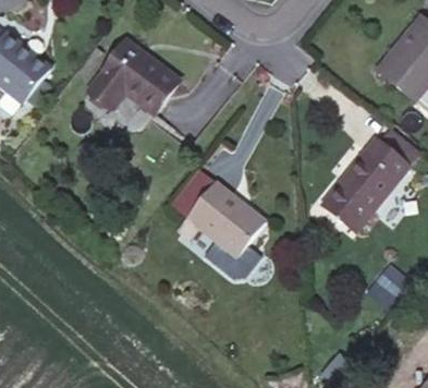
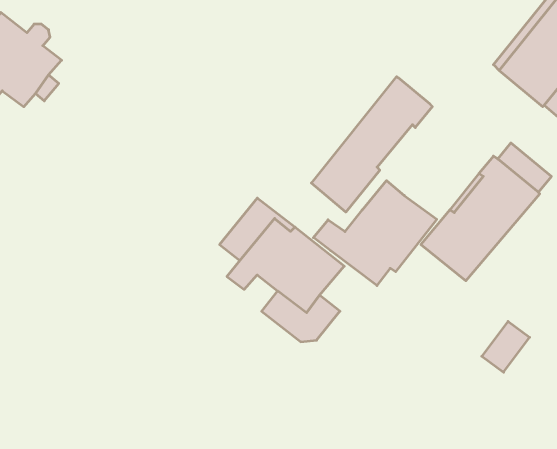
building: [88,39,180,112] -> none
building: none -> [311,77,432,212]
building: none -> [313,181,437,286]

